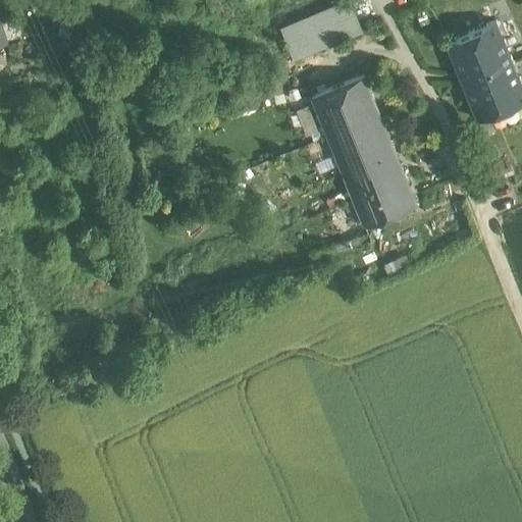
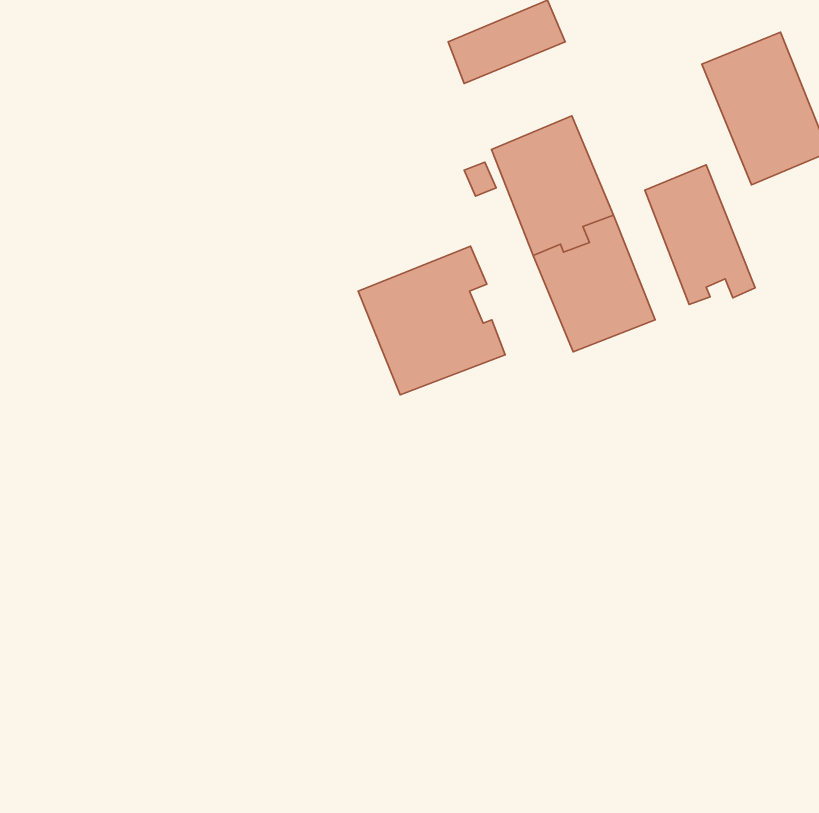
building: none -> [645,165,755,305]
building: none -> [358,246,505,395]

